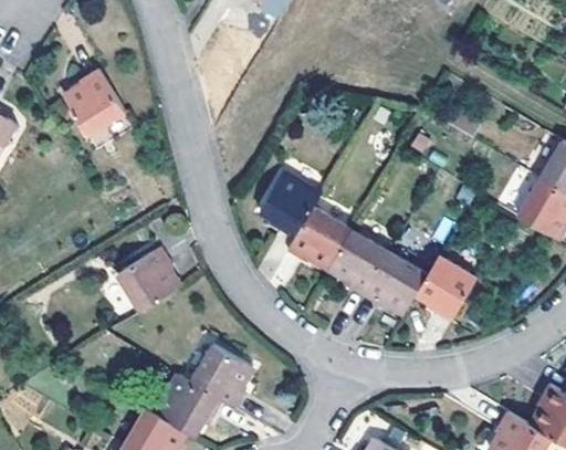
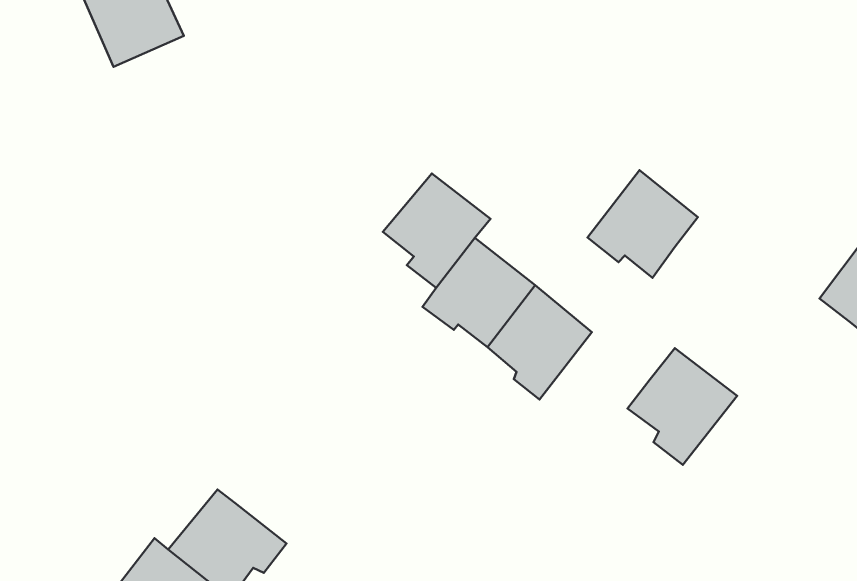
building: [116,245,179,311] -> none
building: [361,253,424,315] -> [587,170,698,278]
building: [191,342,254,406] -> none

